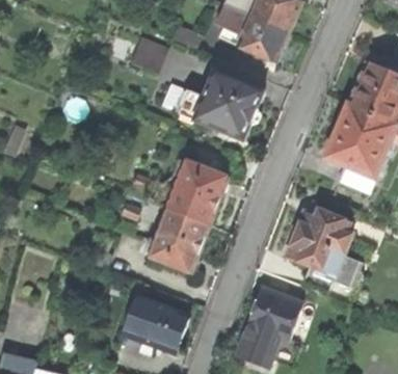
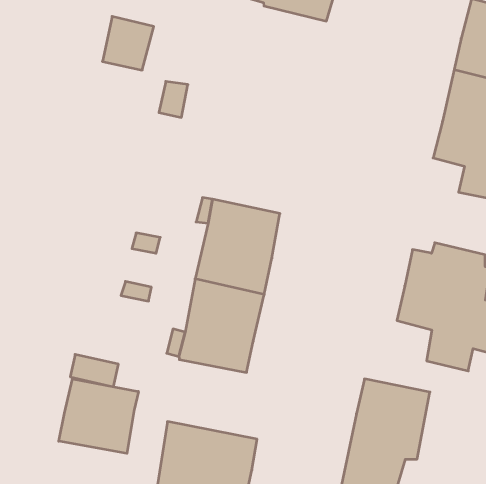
building: [177,71,261,139] -> none
building: none -> [59,379,138,453]

